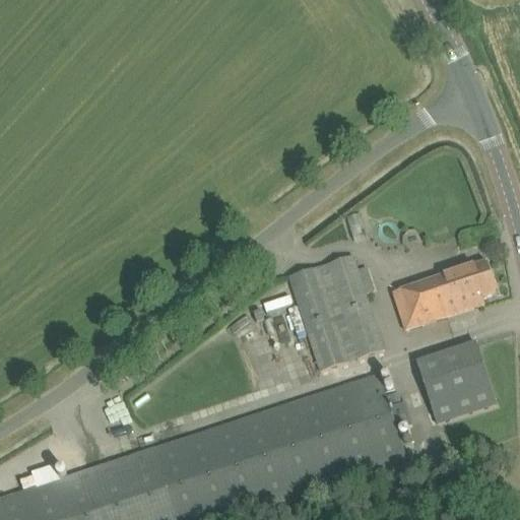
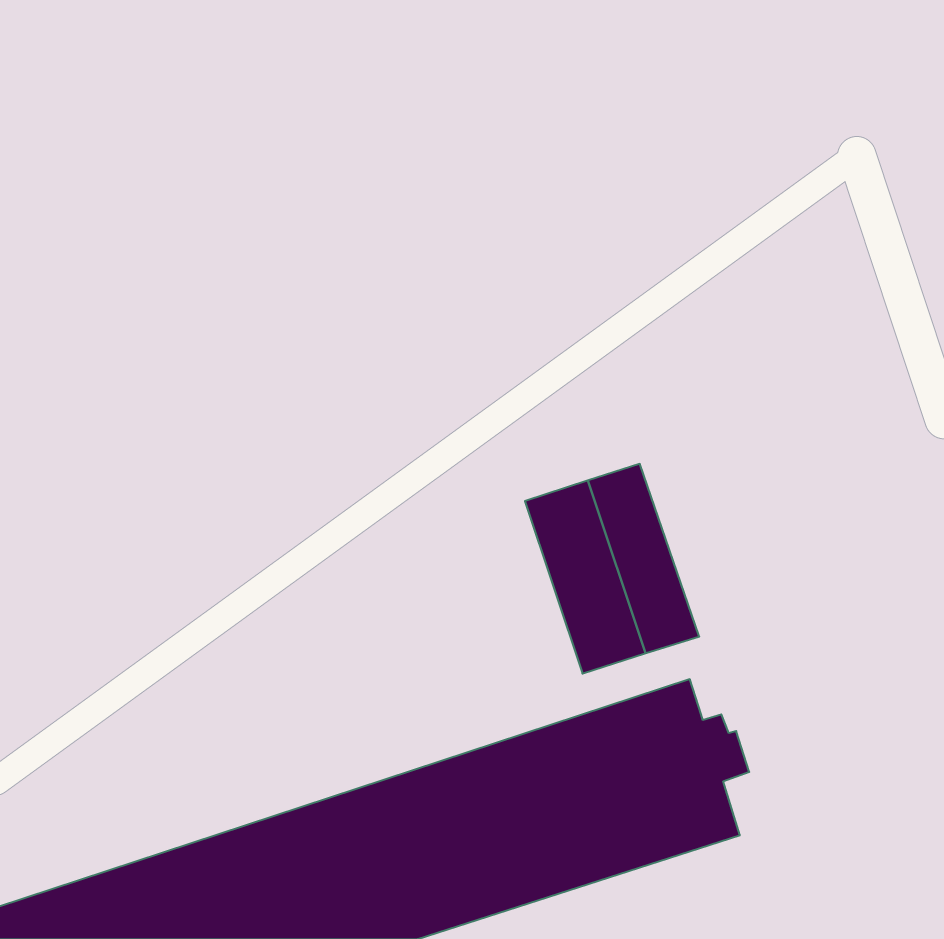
building: [392,259,496,328] -> none
building: [414,344,496,430] -> none

